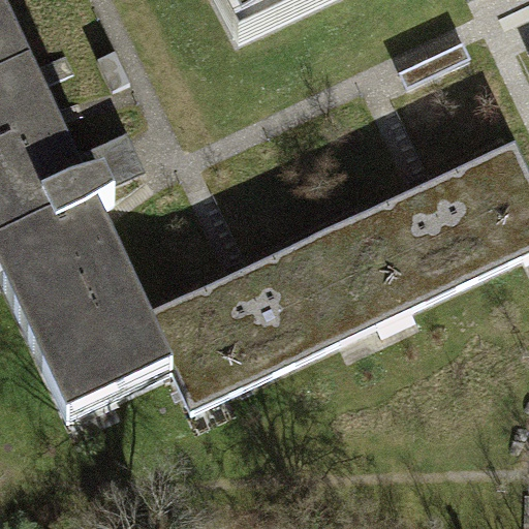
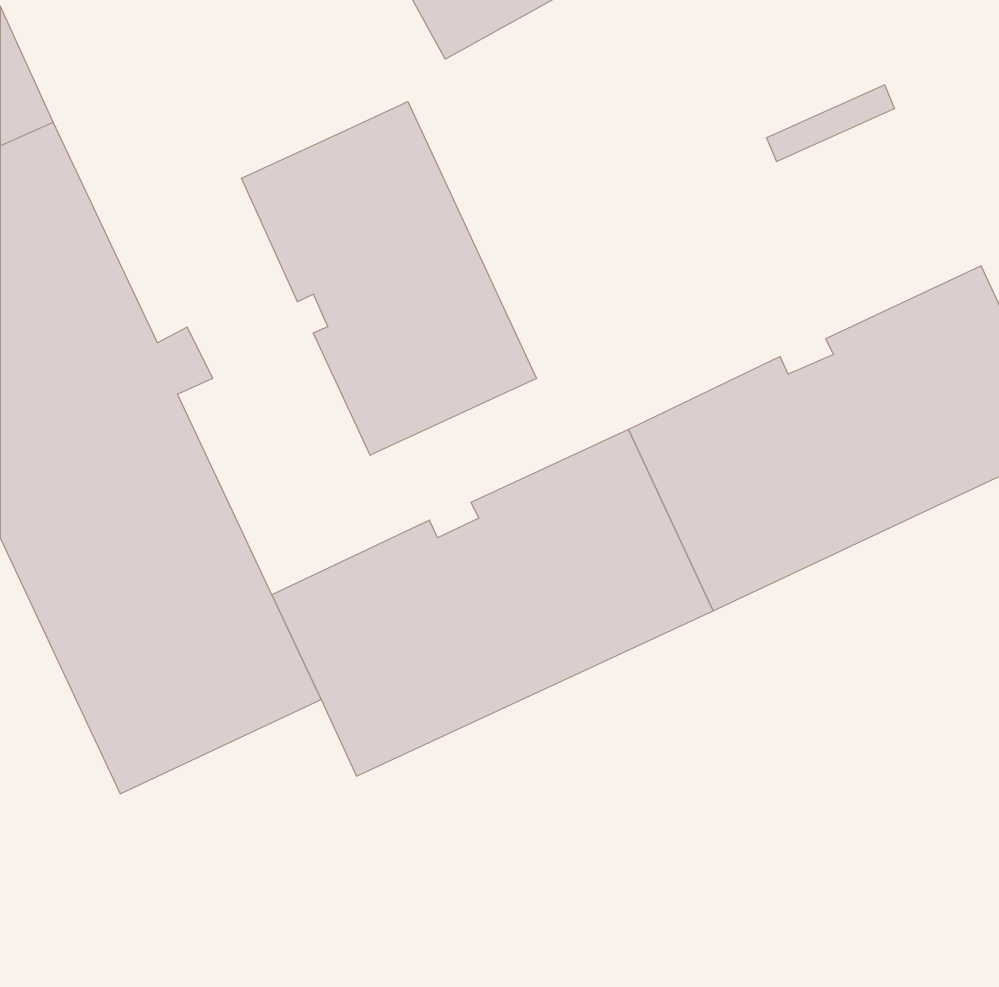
building: none -> [242,102,536,455]

